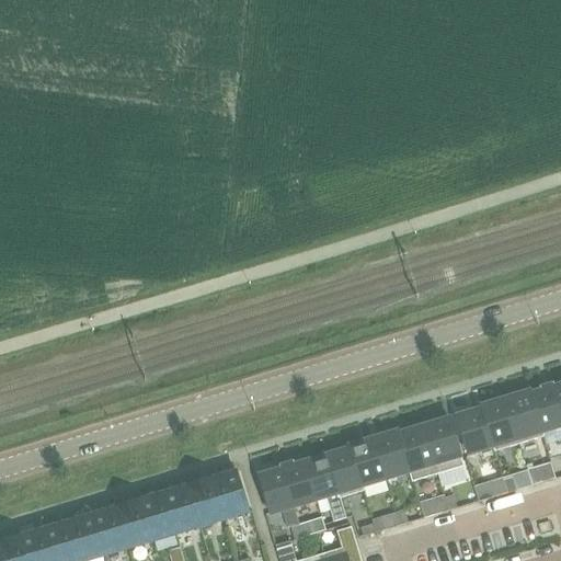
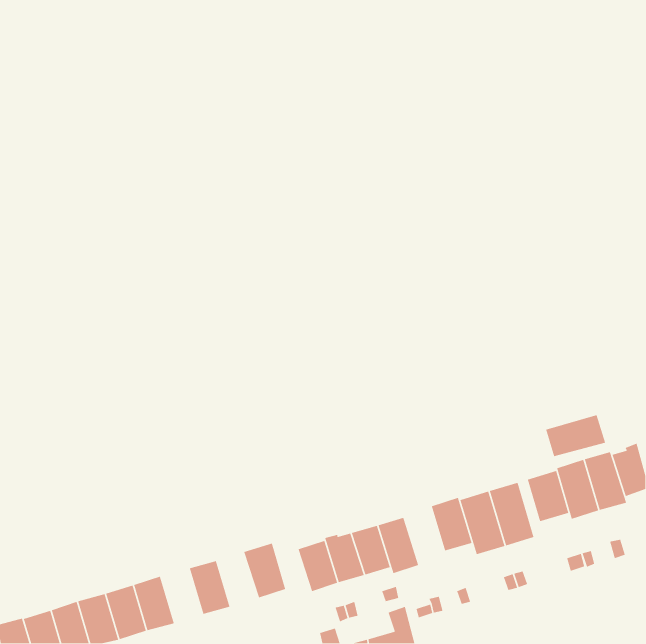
building: none -> [545,414,606,457]
building: [348,437,385,489] -> none
building: [187,477,224,525] -> none
building: [139,491,175,539] -> none

